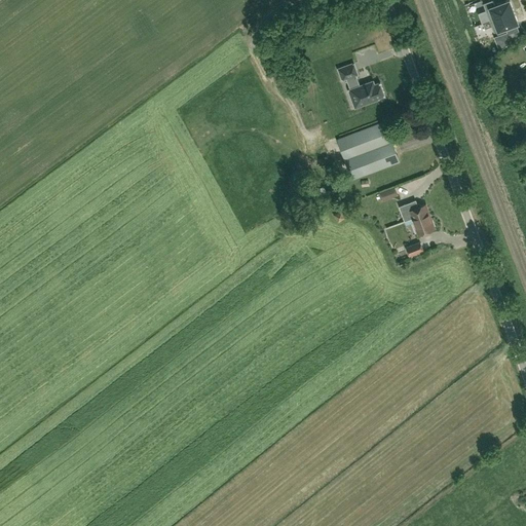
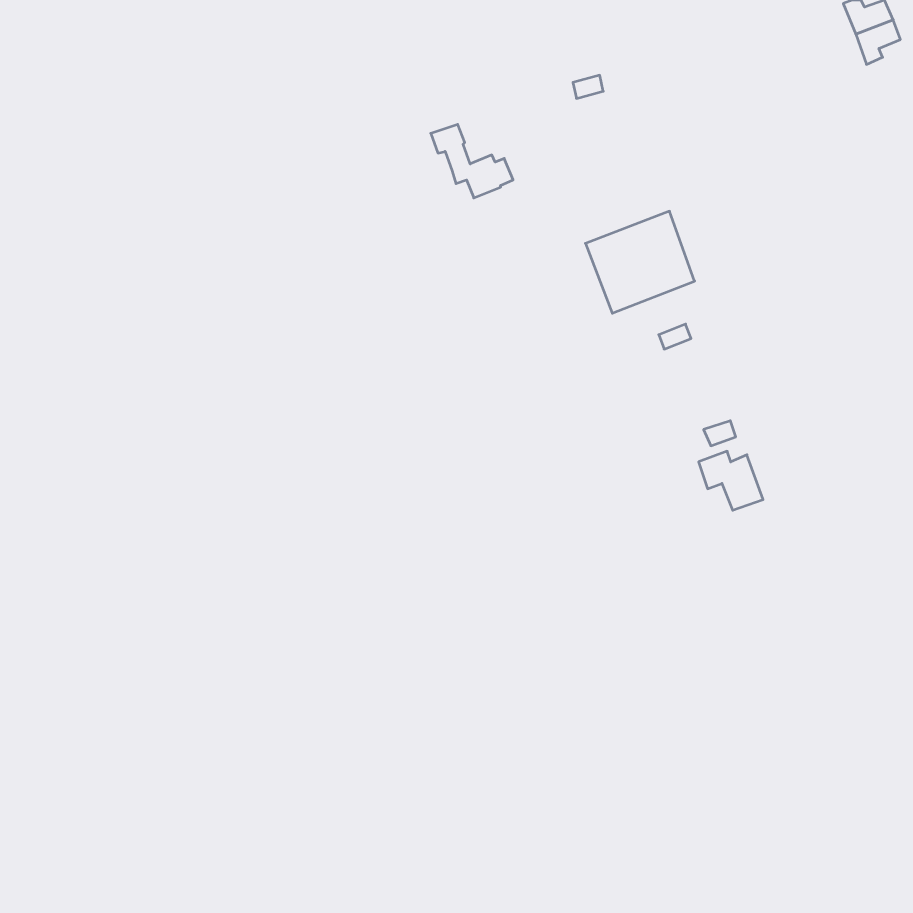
building: [337,64,384,106] -> [431,124,513,198]
building: [398,201,435,235] -> [699,451,763,510]

